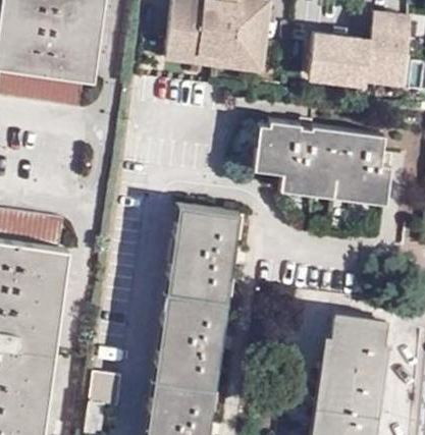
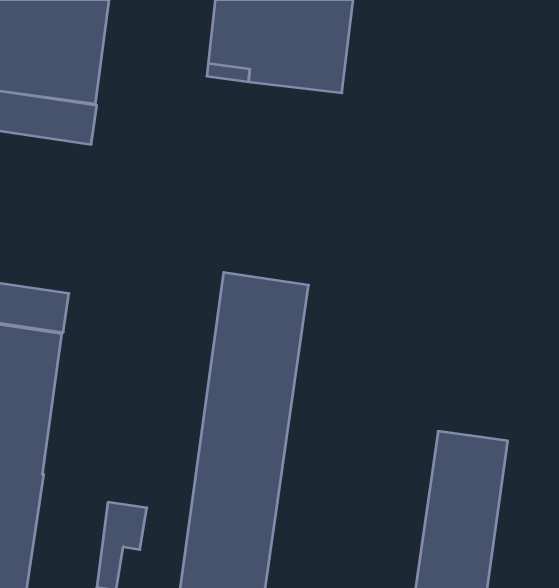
building: [309,12,414,84] -> none
building: [255,119,393,203] -> none

